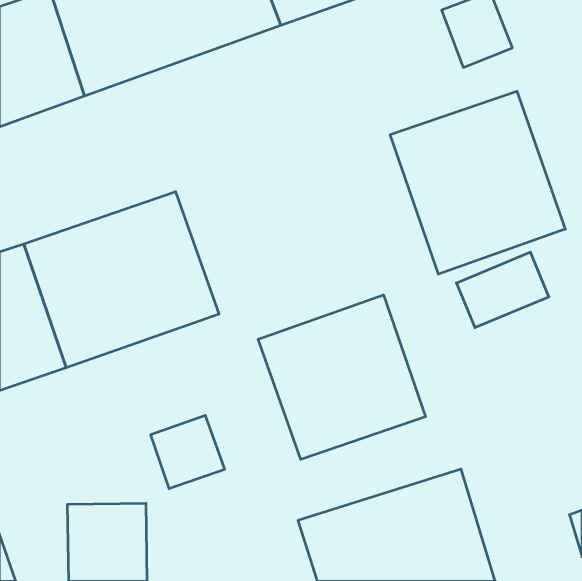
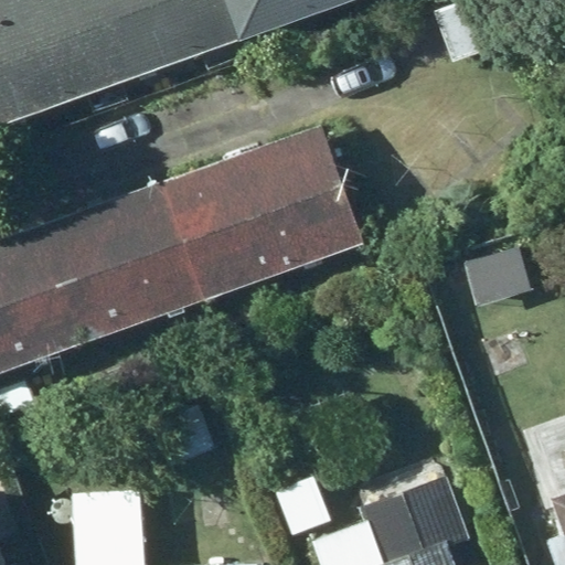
building: [390,91,565,274] -> none
building: none -> [170,135,359,303]
building: [258,295,425,459] -> none

